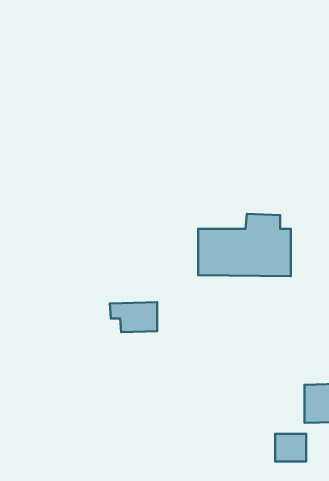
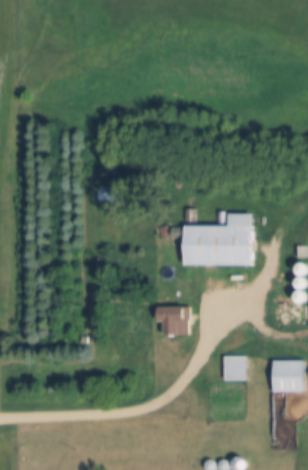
building: [110,302,157,332] -> [151,309,192,335]
building: [275,434,306,462] -> [223,356,250,380]

